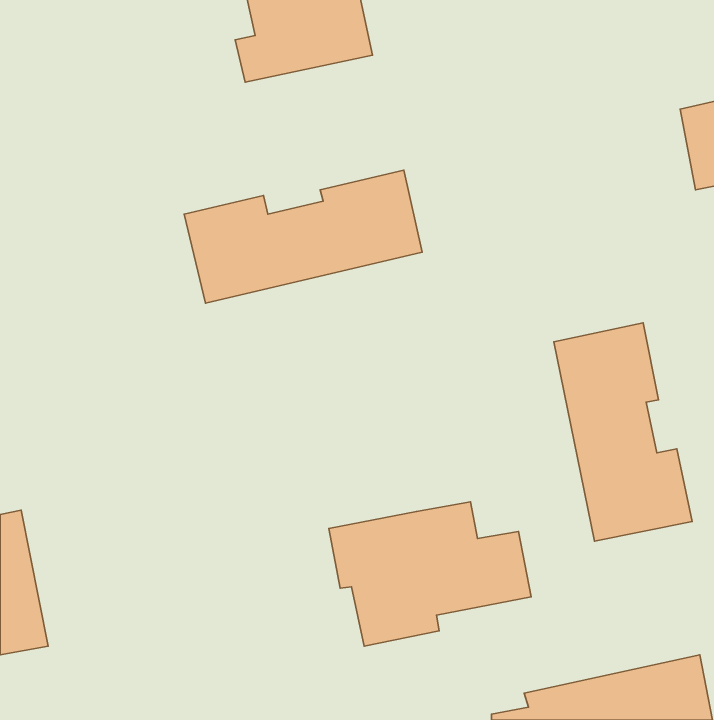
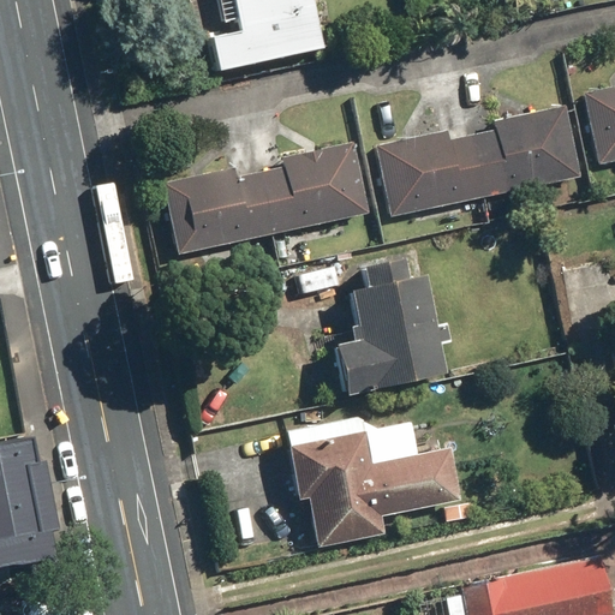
building: none -> [378,98,581,216]
building: none -> [332,258,452,398]
building: [554,323,692,541] -> none

